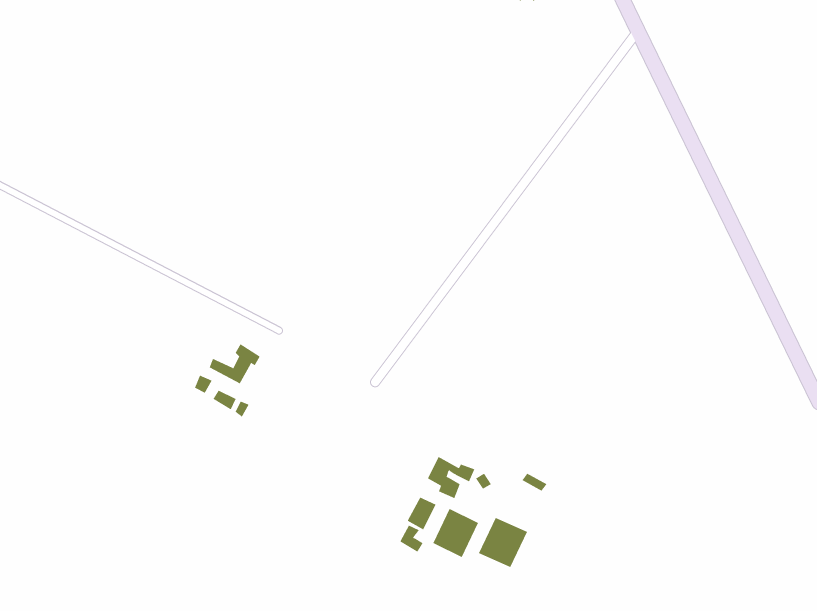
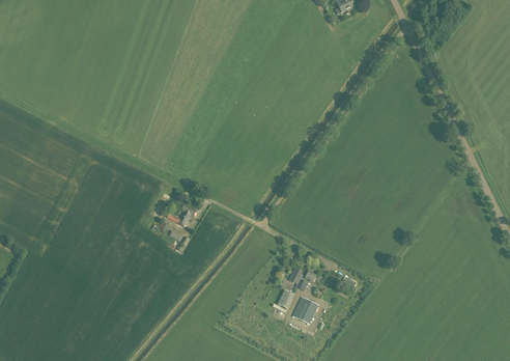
building: [478,517,528,568] -> none

